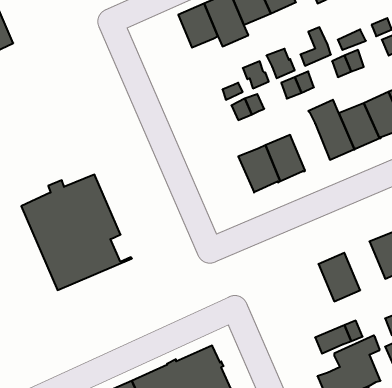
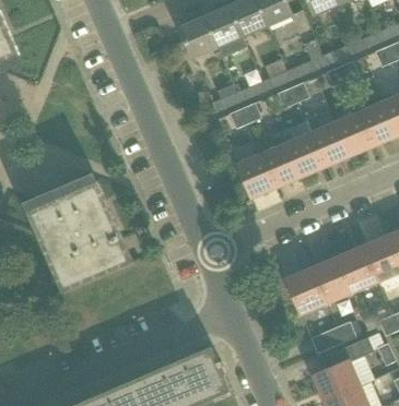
building: none -> [286,131,325,176]
building: none -> [339,244,378,291]
building: none -> [285,266,329,314]

